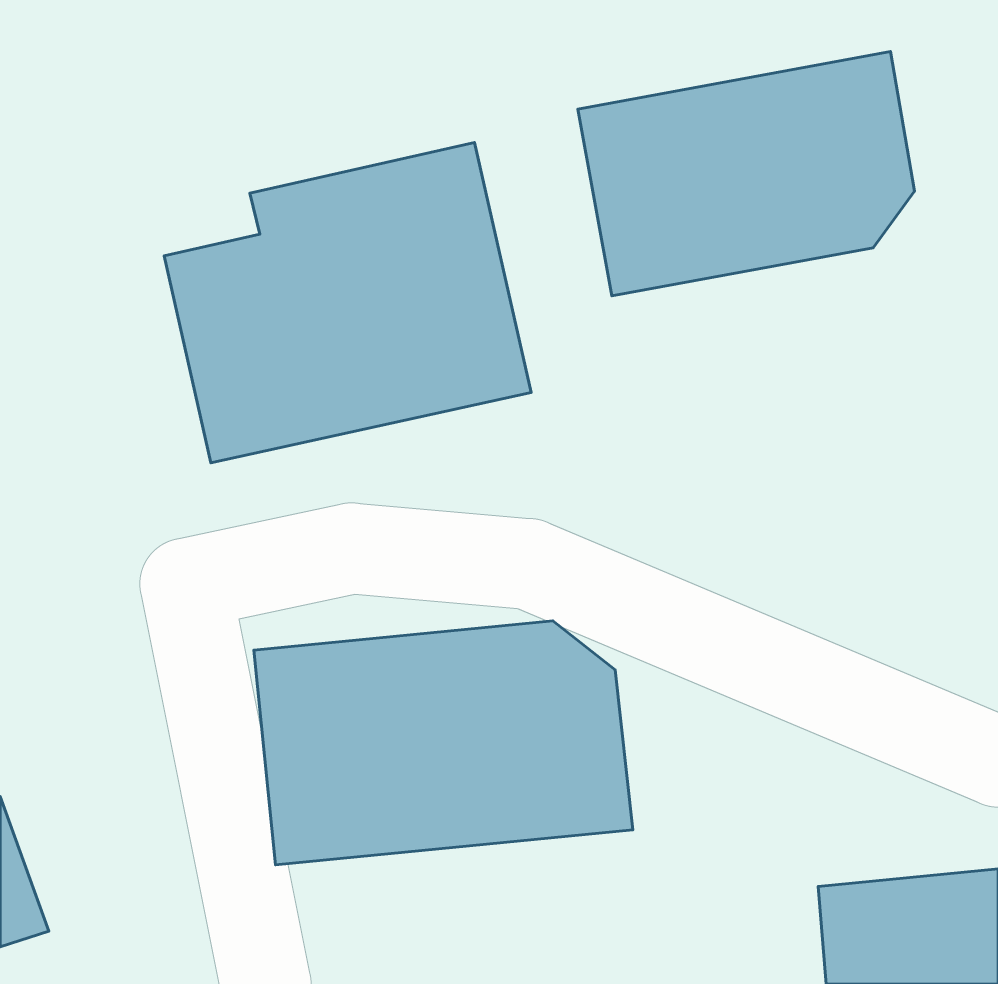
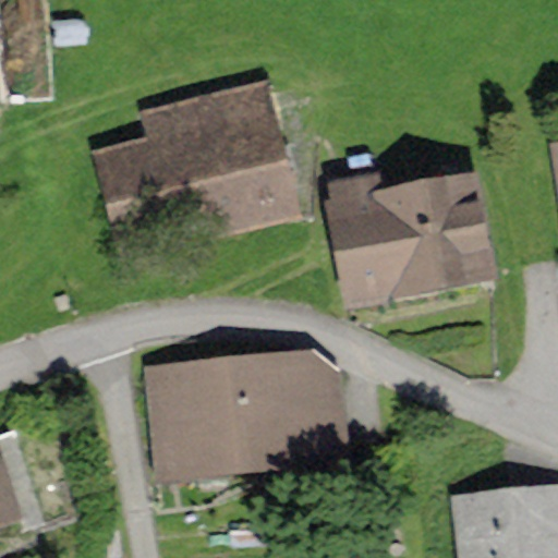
building: [578,52,915,296] -> none
building: none -> [335,173,494,304]

